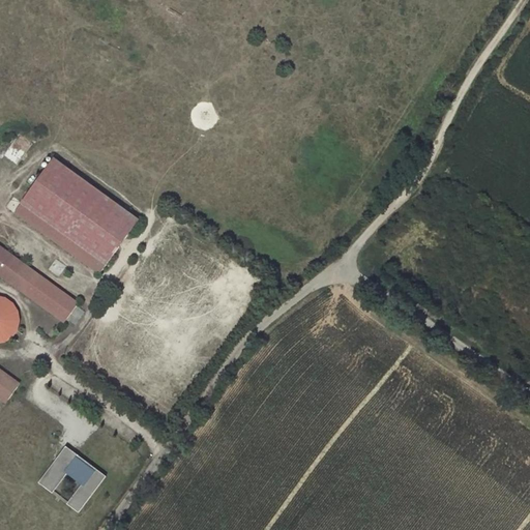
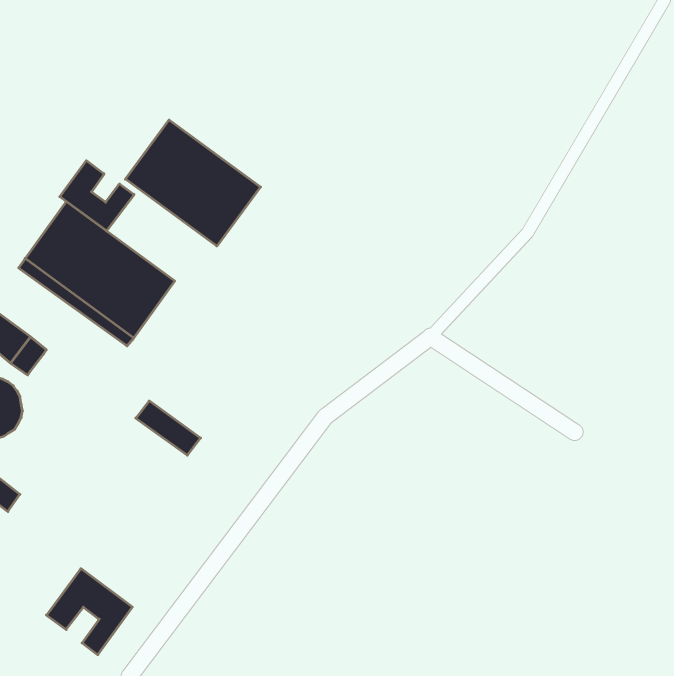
building: none -> [125,120,261,246]
building: none -> [60,161,134,231]
building: [24,276,75,319] -> [136,401,201,455]

